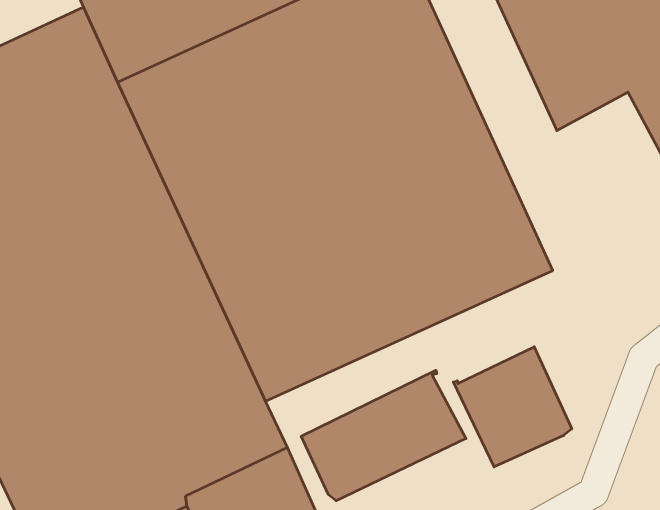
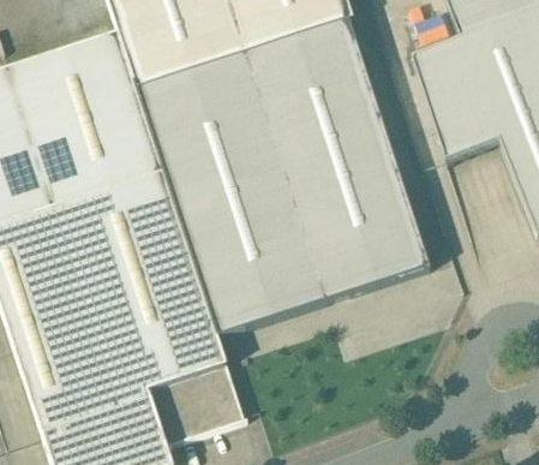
building: [453,347,572,467] -> none
building: [301,370,466,501] -> none

